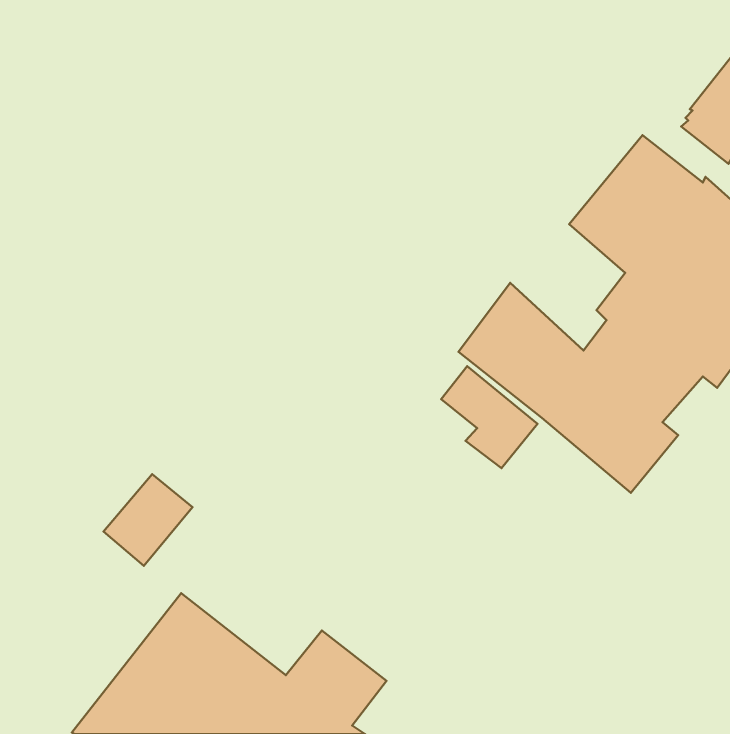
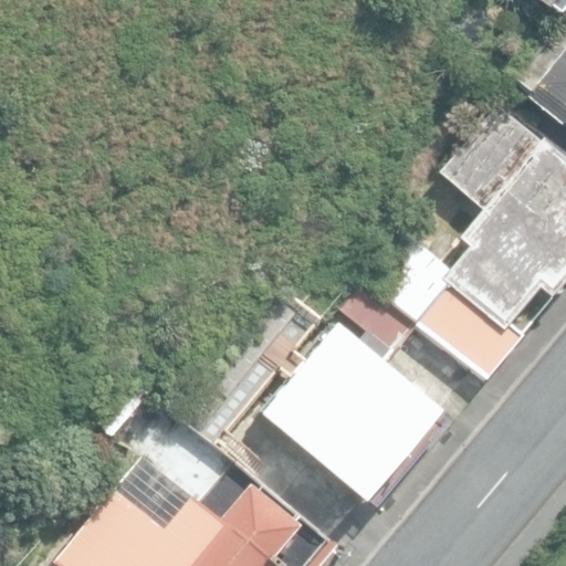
building: none -> [261,327,439,495]

